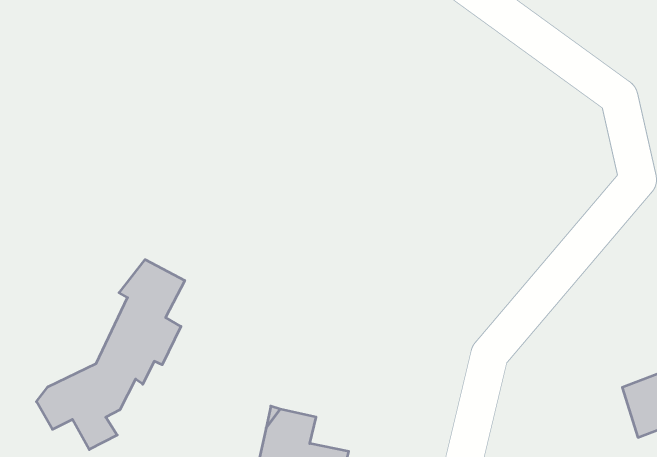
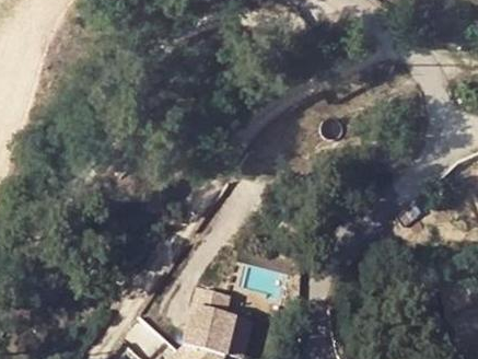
building: [36,260,185,450] -> none

